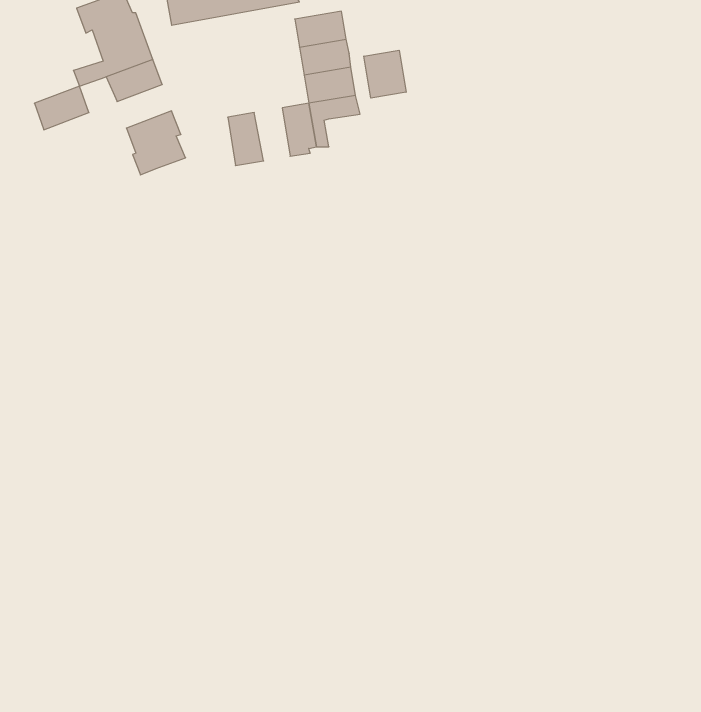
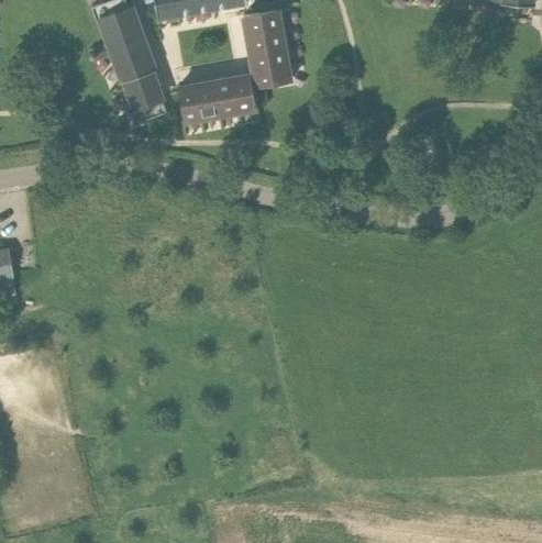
building: [364,50,406,98] -> none
building: [34,86,89,130] -> [119,62,157,92]
building: none -> [215,78,241,115]
building: none -> [177,85,202,122]

